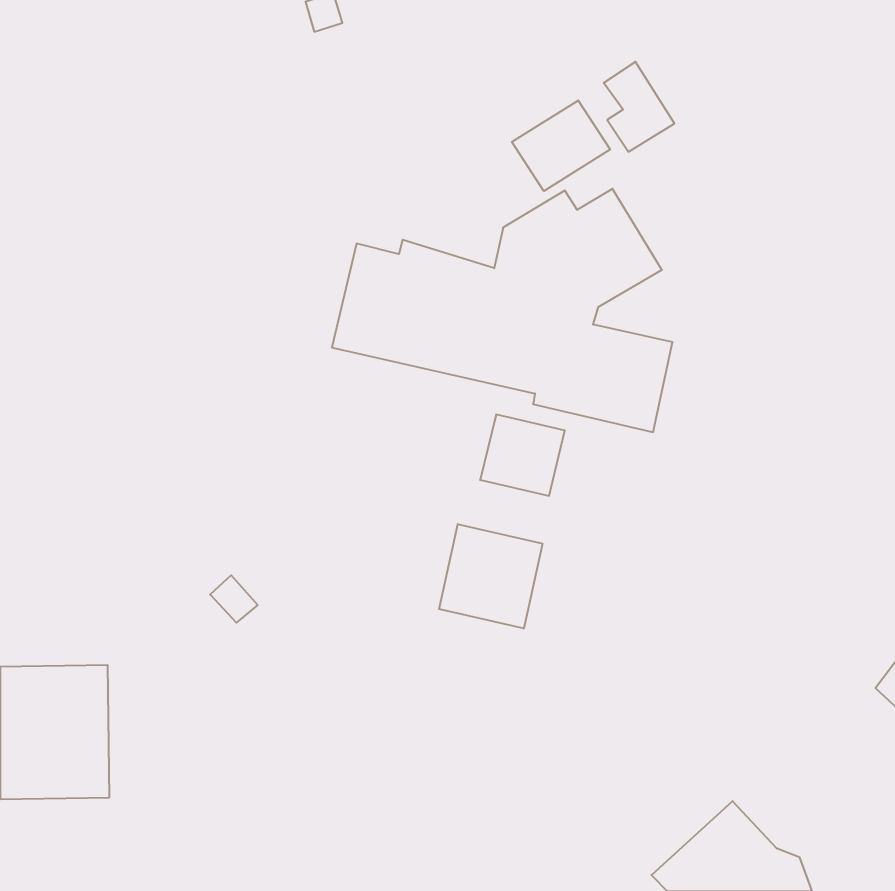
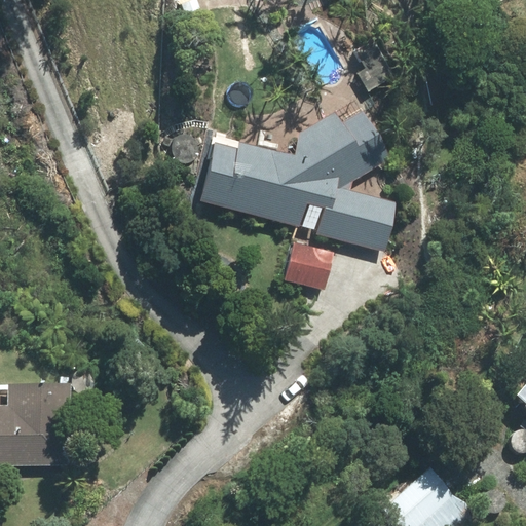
building: [512,100,610,191] -> none
building: [439,524,542,629] -> none

